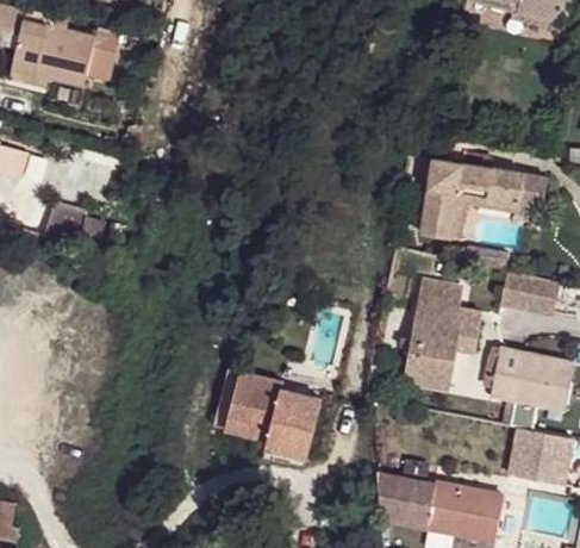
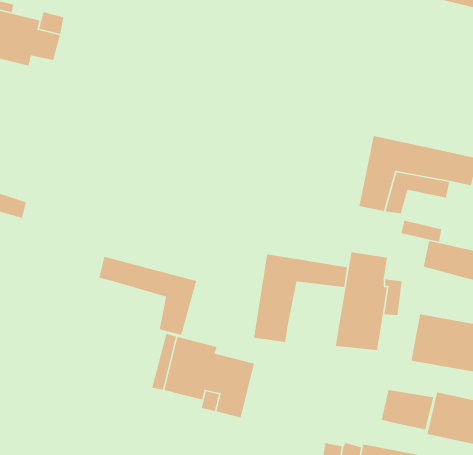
building: none -> [253,253,348,343]
building: none -> [98,256,197,336]
building: none -> [381,389,434,430]

